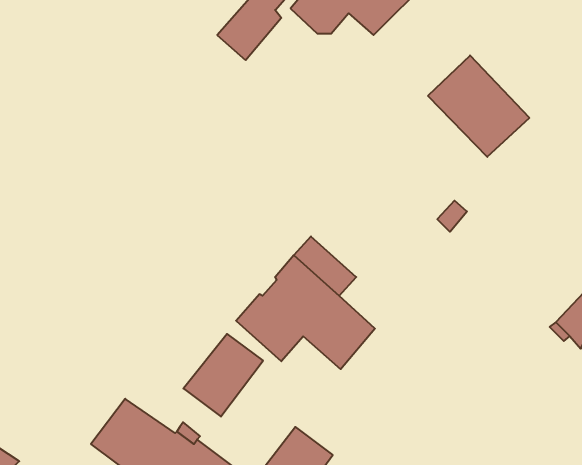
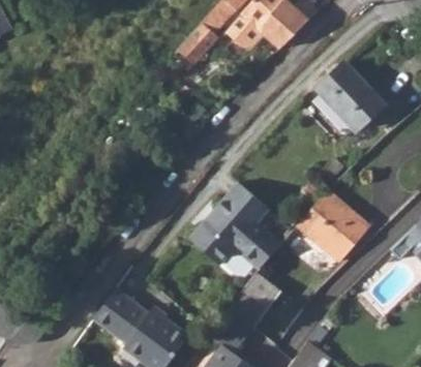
building: none -> [297,191,369,262]
building: [183,334,263,417] -> [229,273,281,328]

